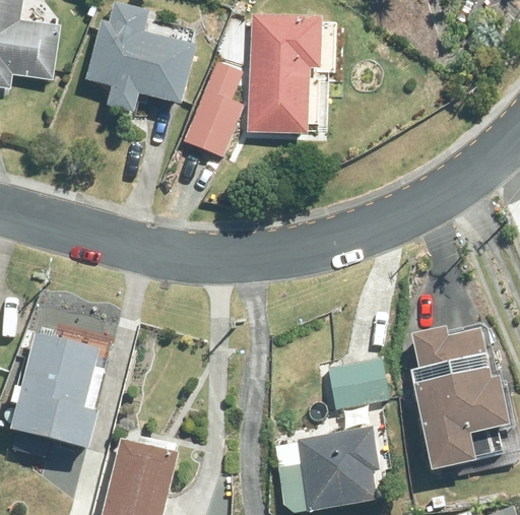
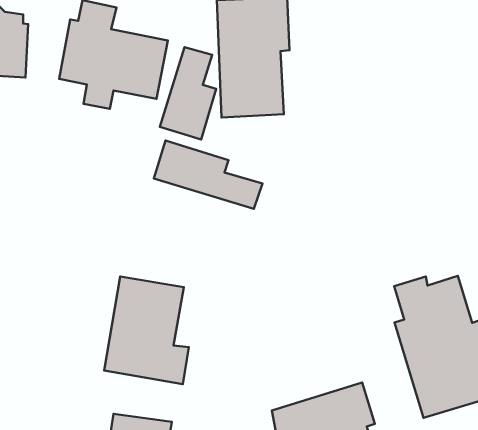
building: none -> [154,140,263,209]
building: [8,330,95,444] -> [104,276,189,384]
building: [328,357,389,406] -> none

